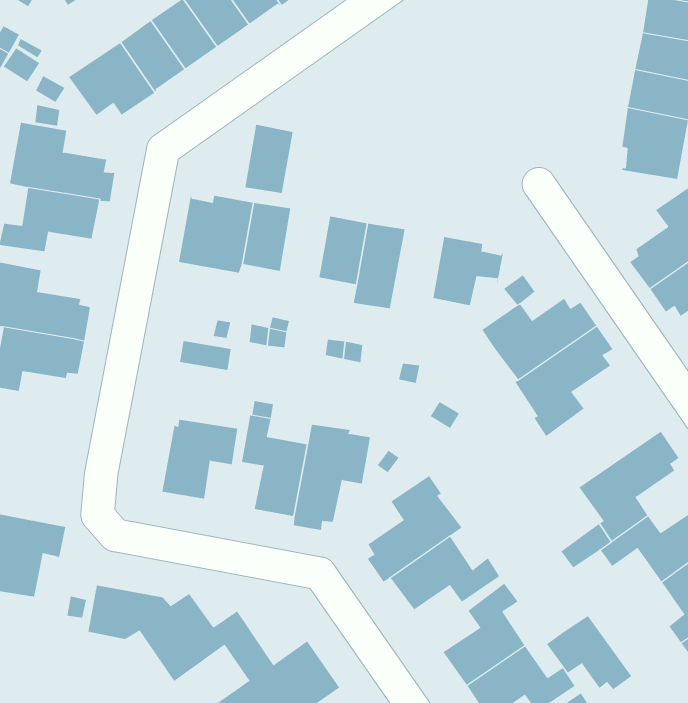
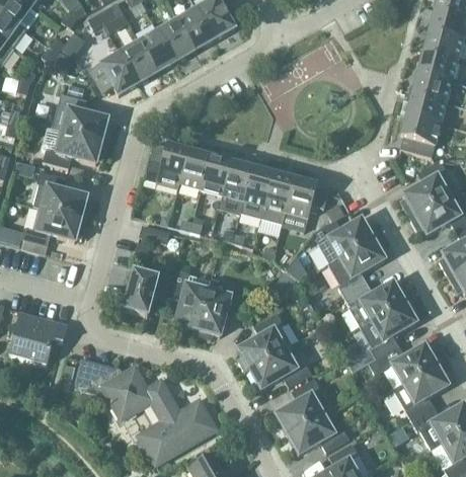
building: [245,124,293,193] -> [201,154,231,194]
building: none -> [261,171,295,222]
building: none -> [343,281,409,326]
building: [546,615,632,690] -> none

